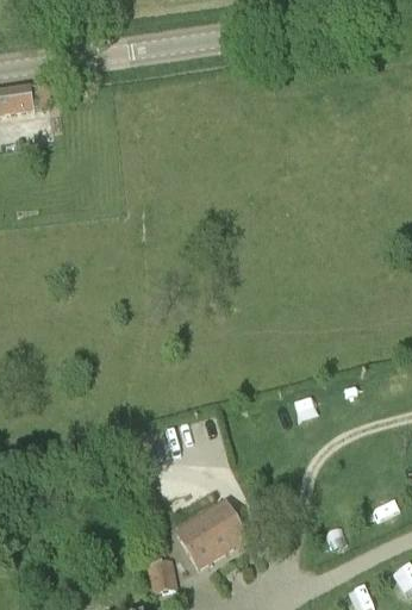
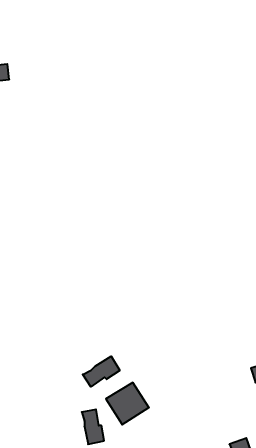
building: none -> [83,356,120,387]

